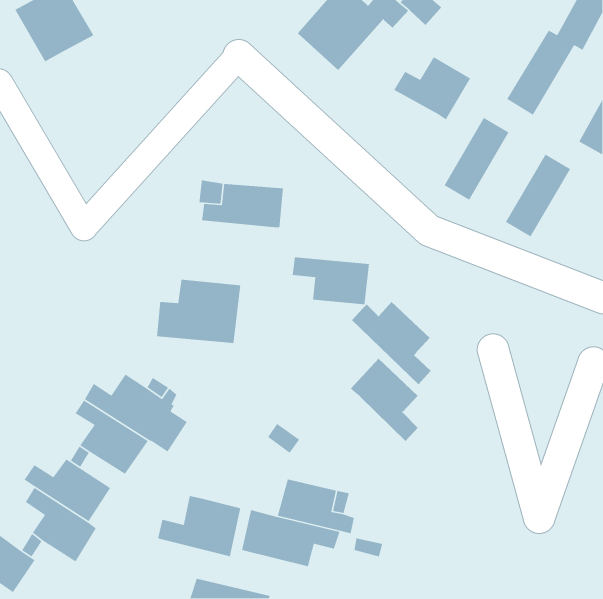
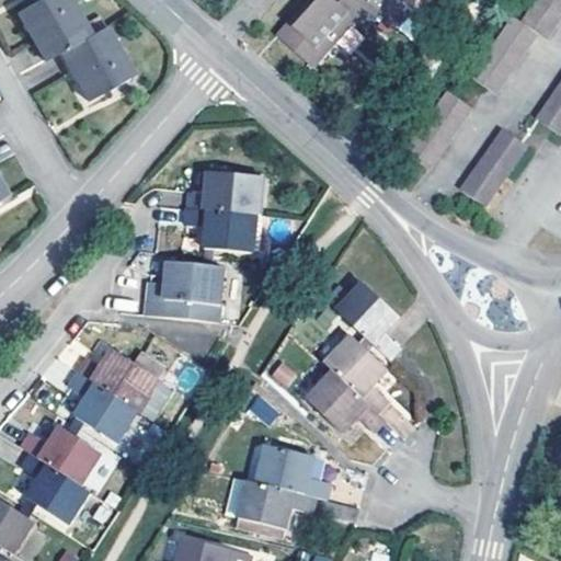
building: none -> [57,23,130,98]
building: [393,56,471,120] -> none
building: [292,257,370,305] -> [184,205,256,250]
building: none -> [306,368,383,432]
building: [157,495,241,557] -> none

